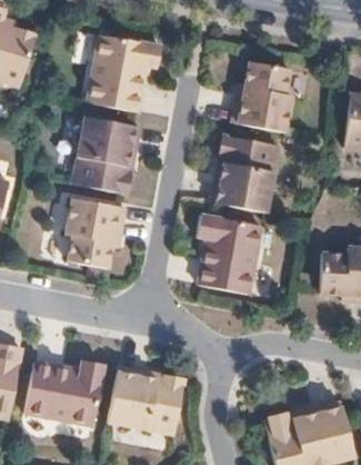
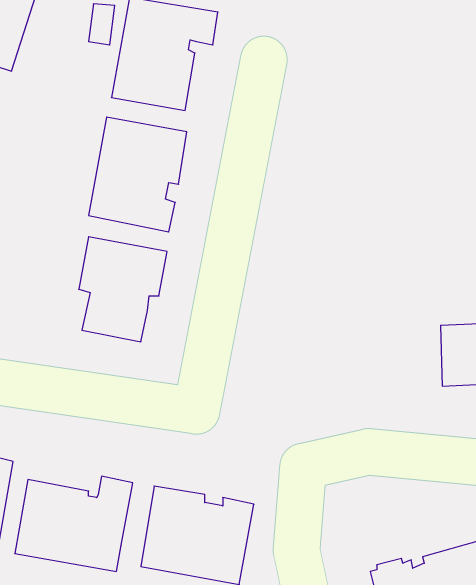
building: [232,61,292,132] -> none
building: [211,135,279,212] -> none
building: [195,214,262,294] -> none

